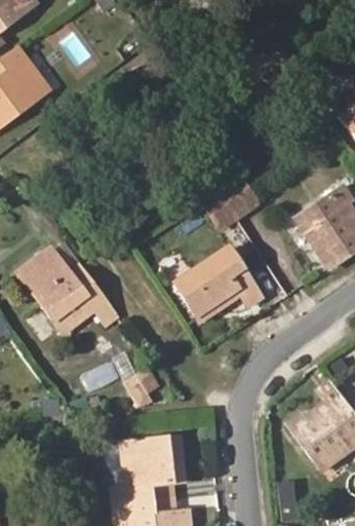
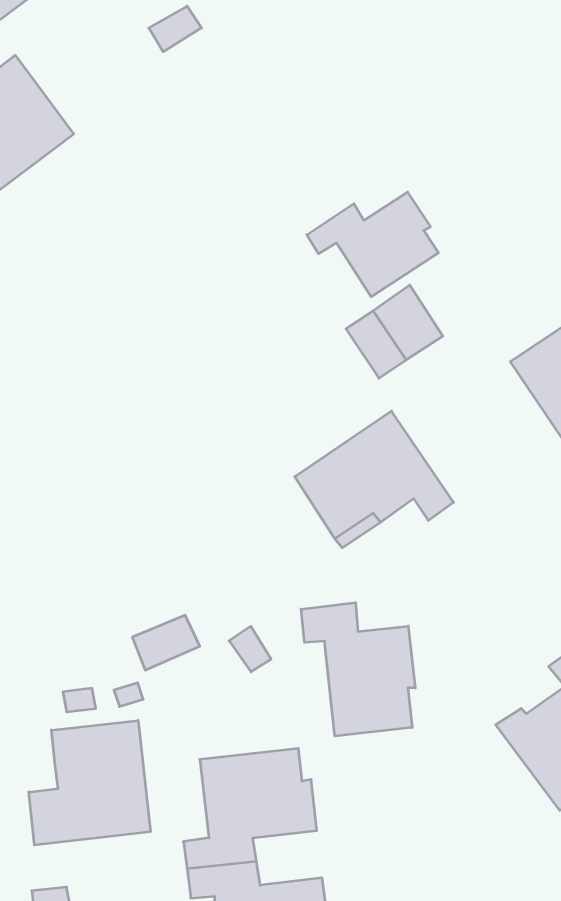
building: none -> [307,192,438,297]
building: [17,248,116,334] -> none
building: none -> [301,603,415,736]
building: none -> [29,720,150,845]

